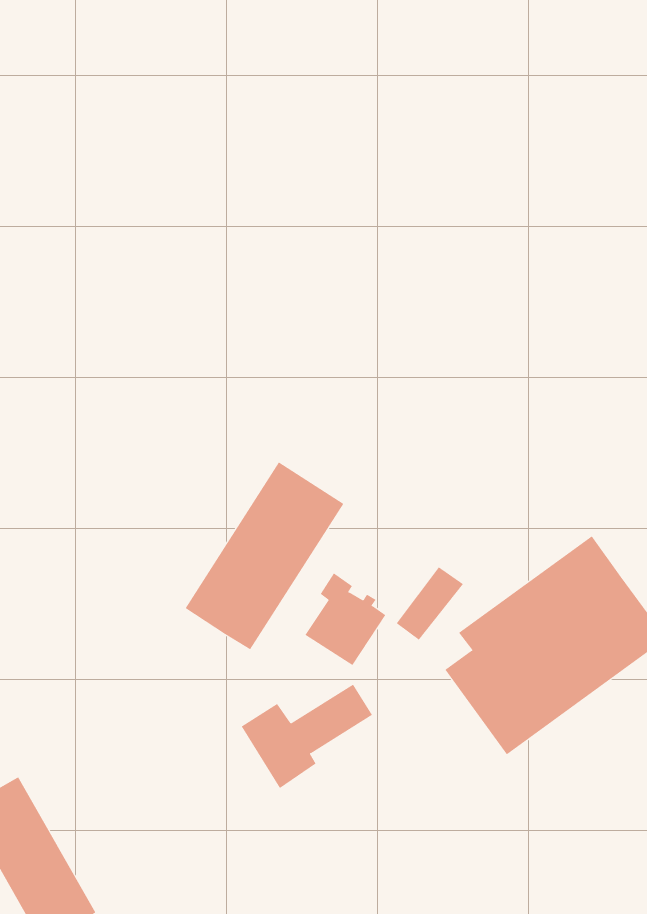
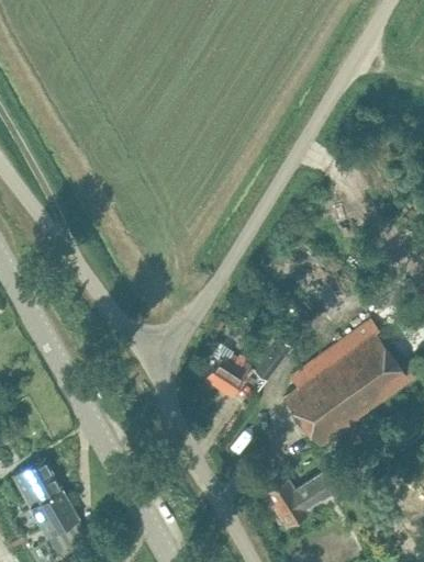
building: [185,462,344,650] -> none
building: [241,684,373,789] -> [264,469,338,528]

